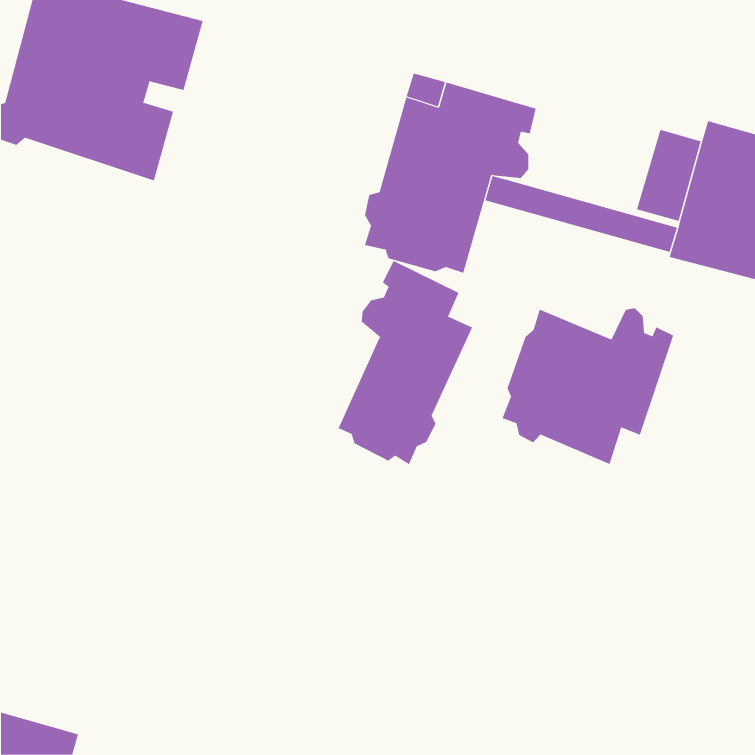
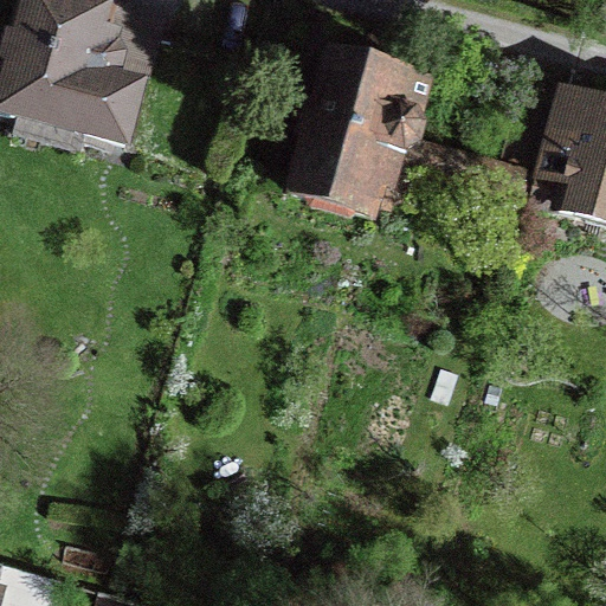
building: [338,260,473,465] -> none
building: [502,307,674,465] -> none

